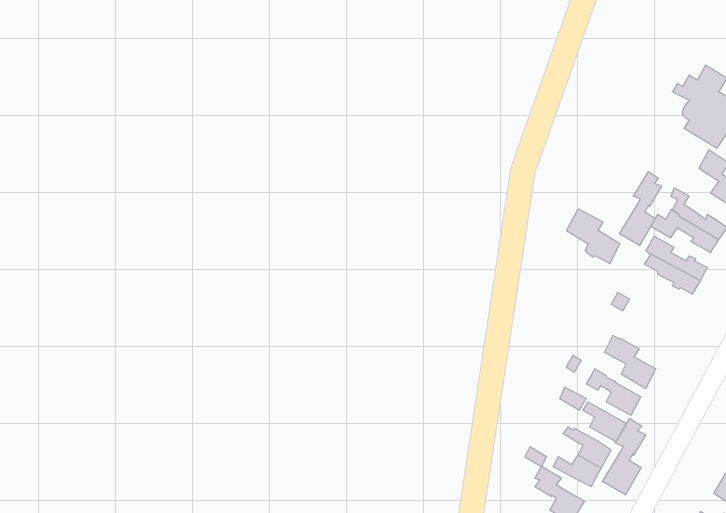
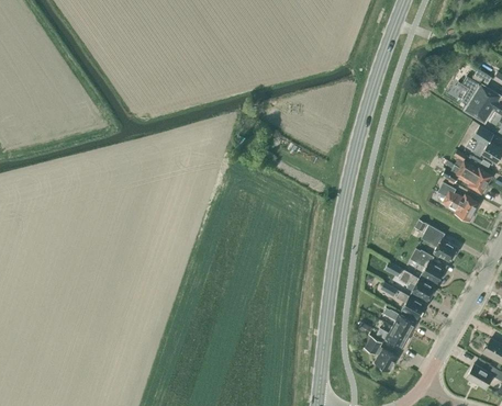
building: [619,172,661,246] -> none
building: [567,209,620,264] -> [422,225,457,261]
building: [602,419,646,495] -> none

